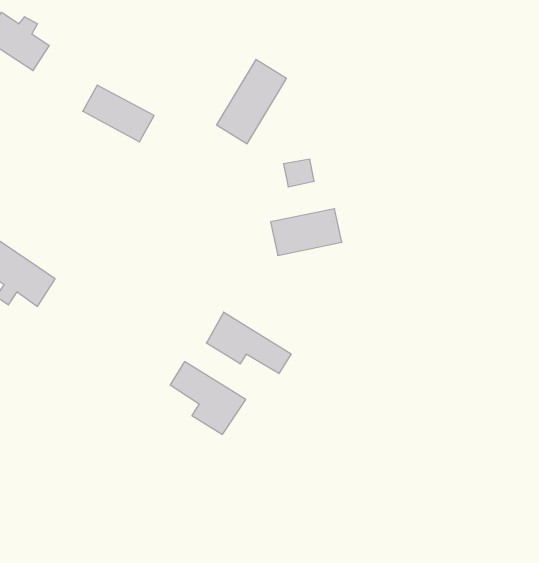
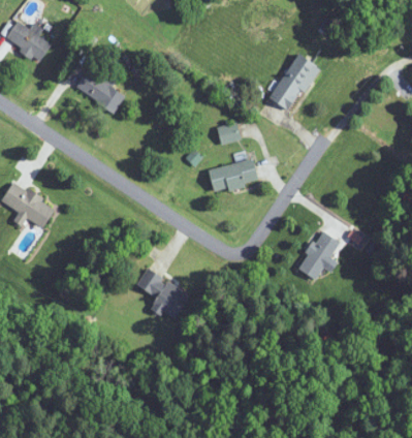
building: [217,59,286,144] -> [268,52,318,112]
building: none -> [298,230,340,278]
building: [206,312,291,374] -> none

